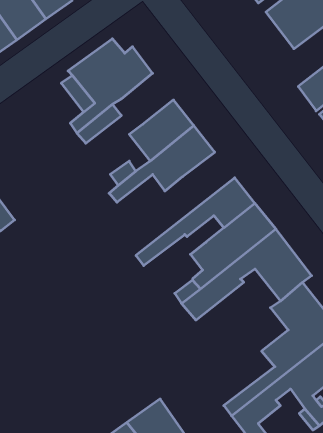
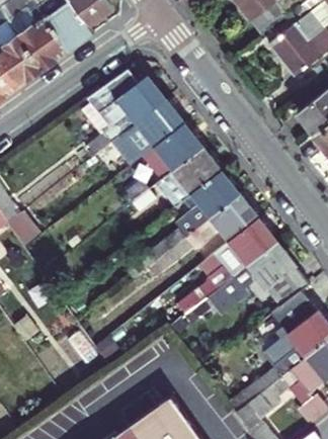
building: none -> [137,100,184,147]
building: none -> [129,172,240,277]

